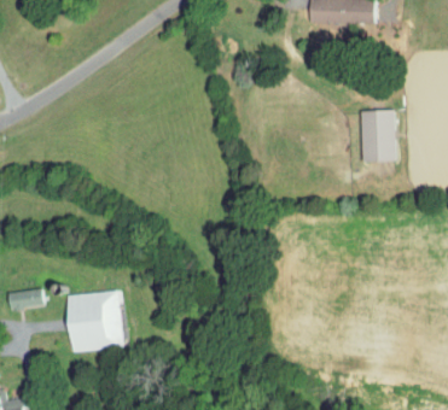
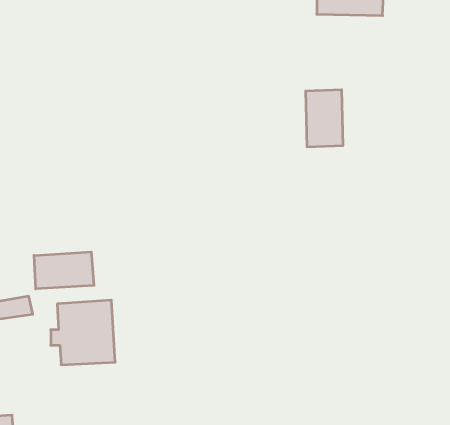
building: [361,111,396,164] -> [306,90,343,147]
building: none -> [34,252,94,289]

